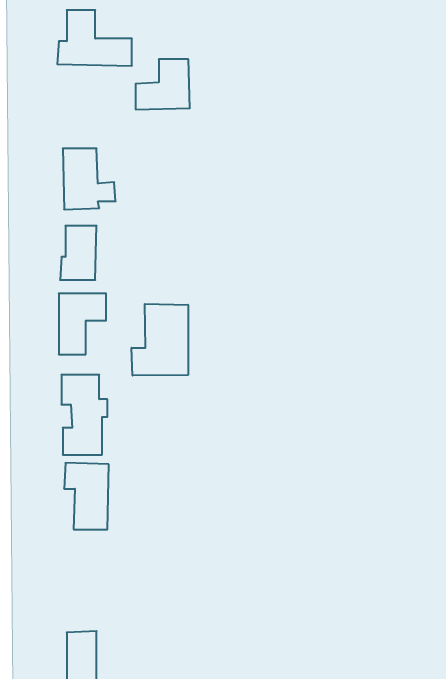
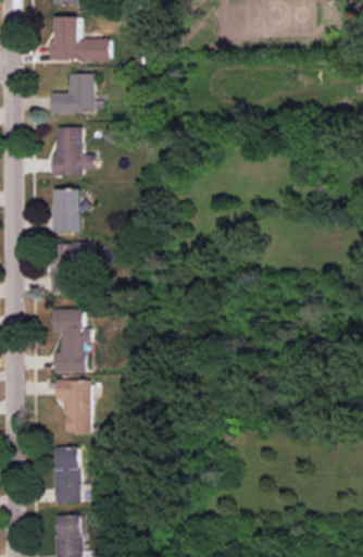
building: [136,59,190,109] -> [50,74,93,114]
building: [132,304,188,376] -> none
building: none -> [54,447,80,504]

